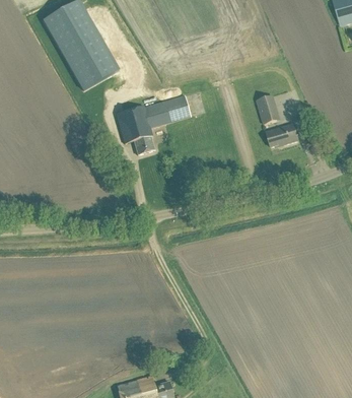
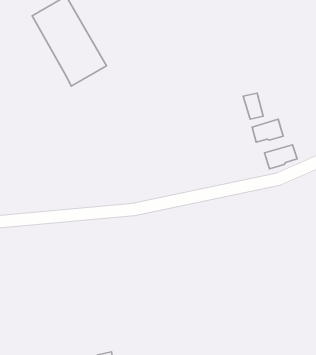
building: [116,93,191,153] -> none
building: none -> [265,145,297,169]

